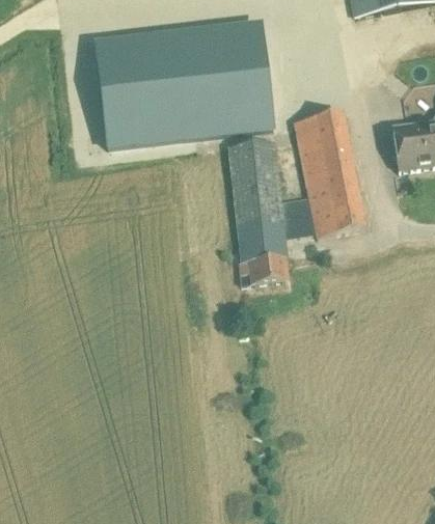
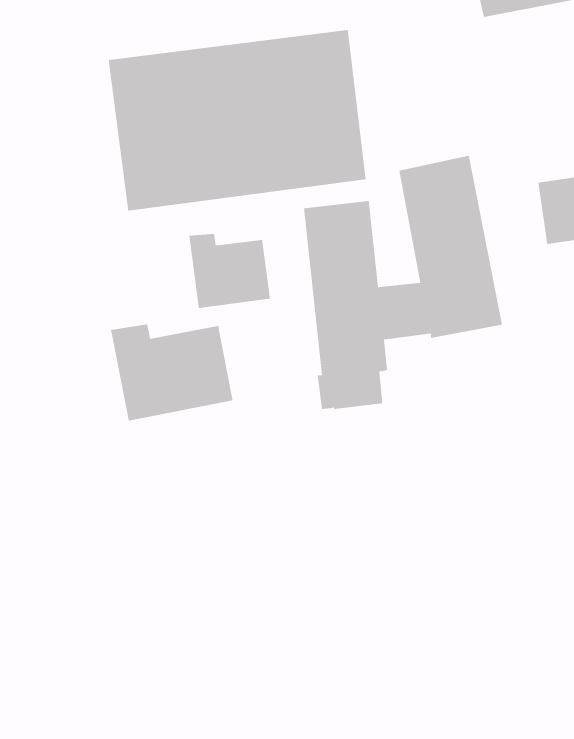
building: none -> [189,233,270,309]
building: none -> [110,323,233,421]

